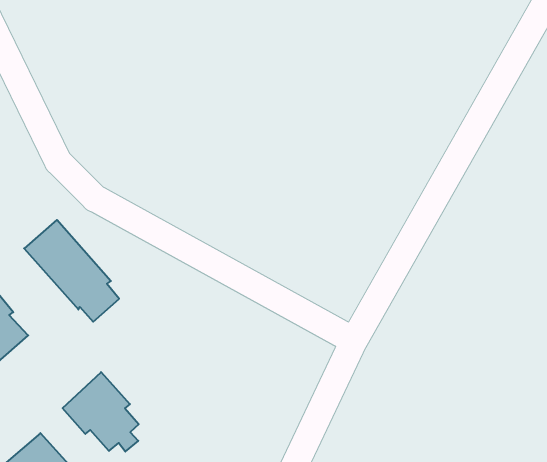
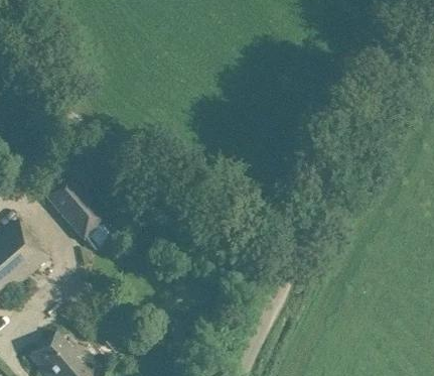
building: [63,372,139,452] -> none

